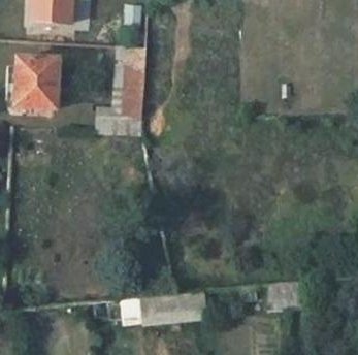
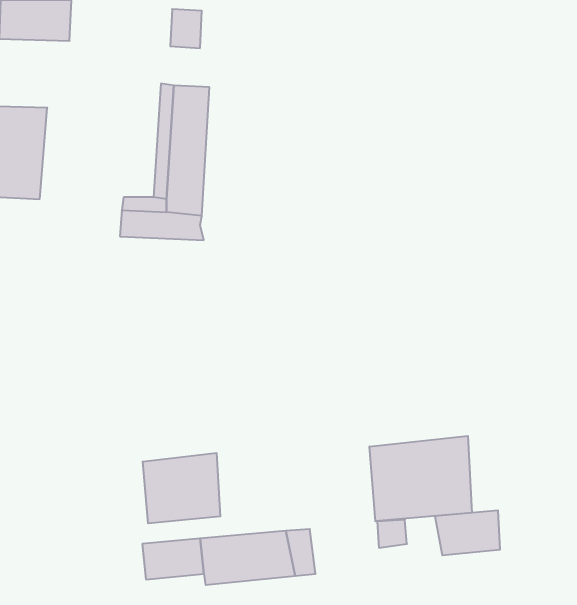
building: none -> [370,436,472,521]
building: none -> [143,453,220,523]

